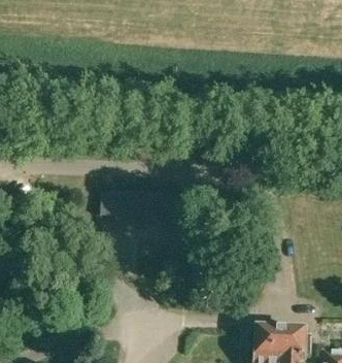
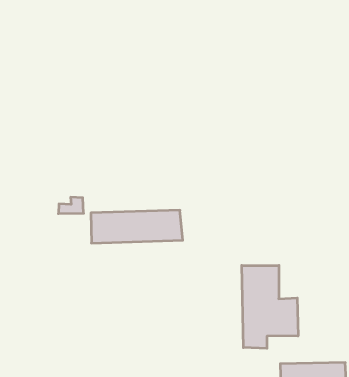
building: none -> [242,265,298,348]

